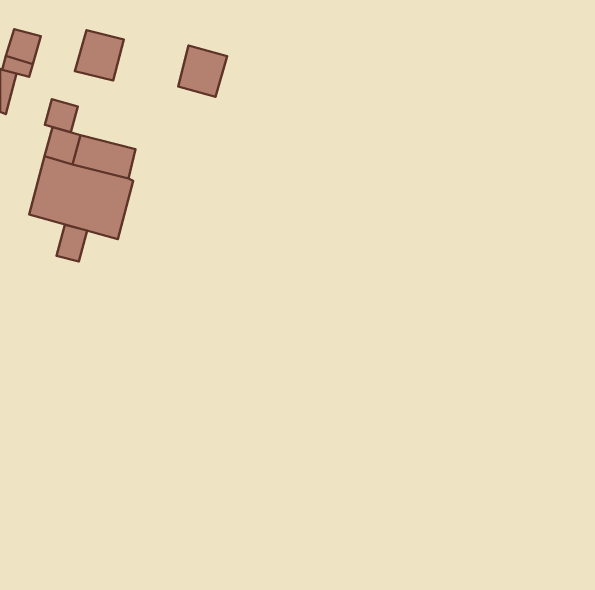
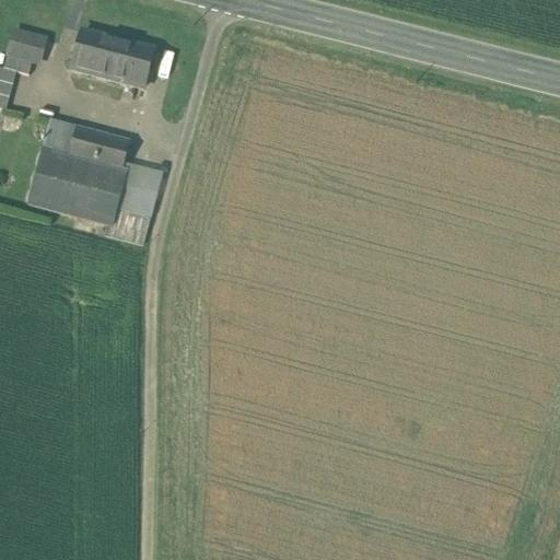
building: [178,46,227,97] -> [107,37,153,85]
building: [45,99,78,132] -> none
building: [57,225,87,261] -> none

